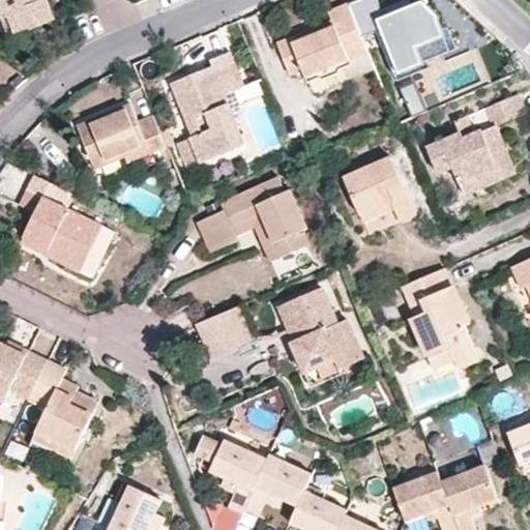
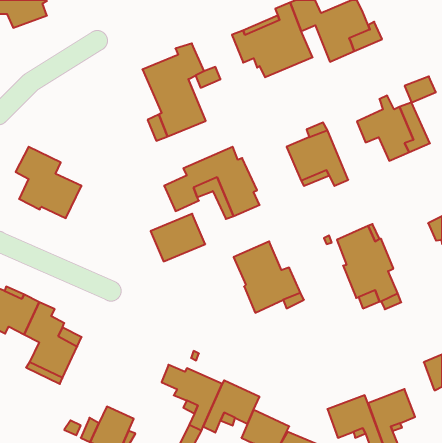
building: [75,104,169,167] -> none
building: [20,223,102,273] -> none
building: [194,304,259,361] -> [151,214,205,261]

